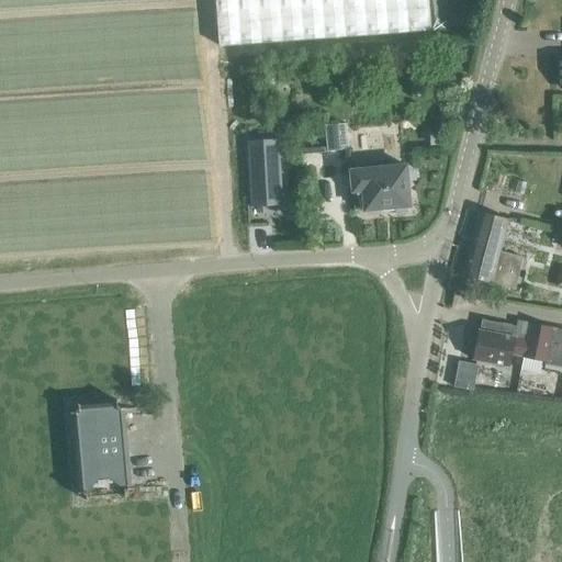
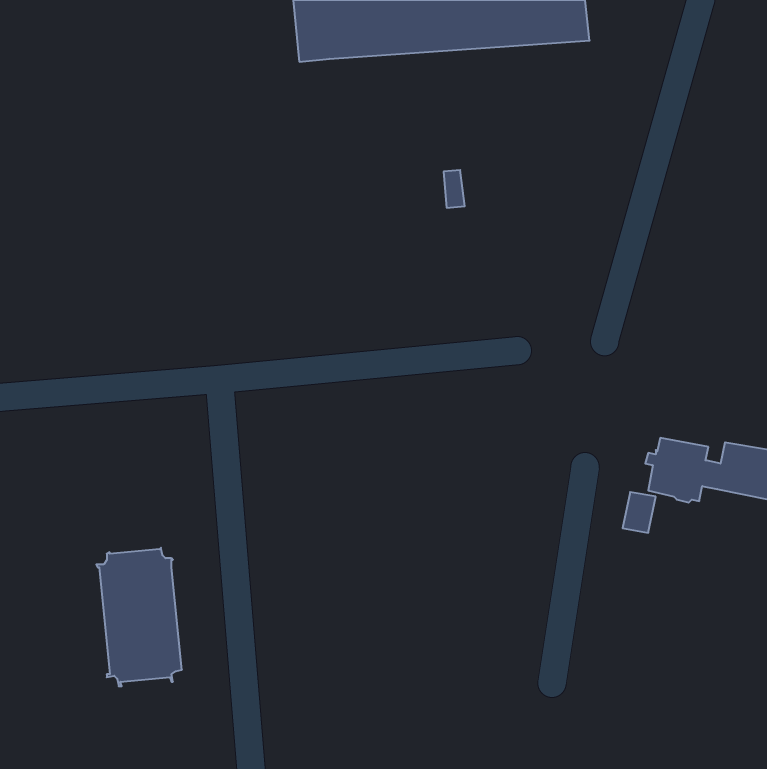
building: [247,139,282,207] -> none
building: [351,165,412,211] -> none
building: [463,212,524,290] -> none

